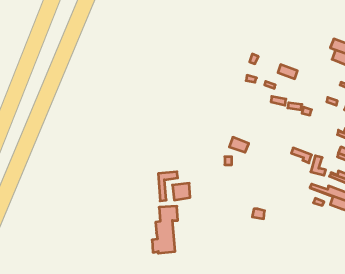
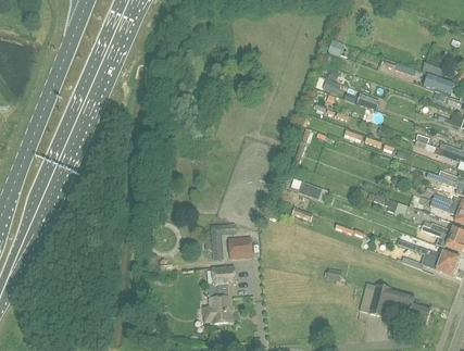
building: none -> [360,281,431,322]

